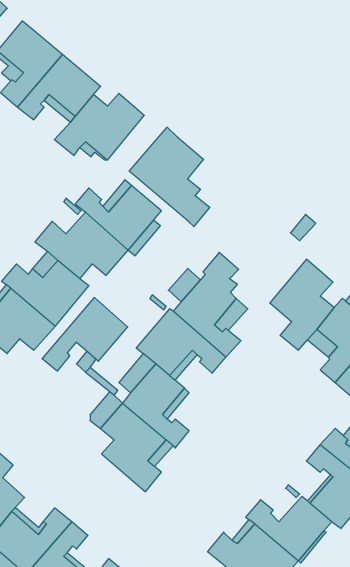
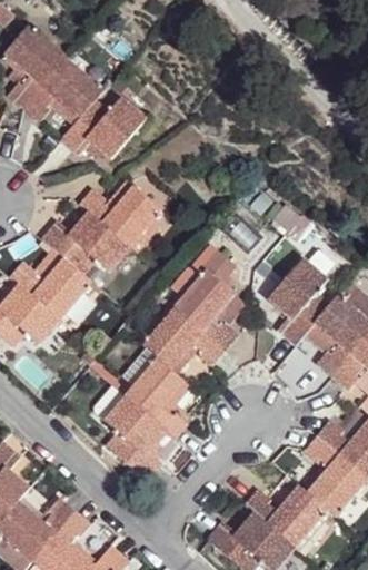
building: [129,127,210,227] -> none
building: [42,298,128,371] -> none

